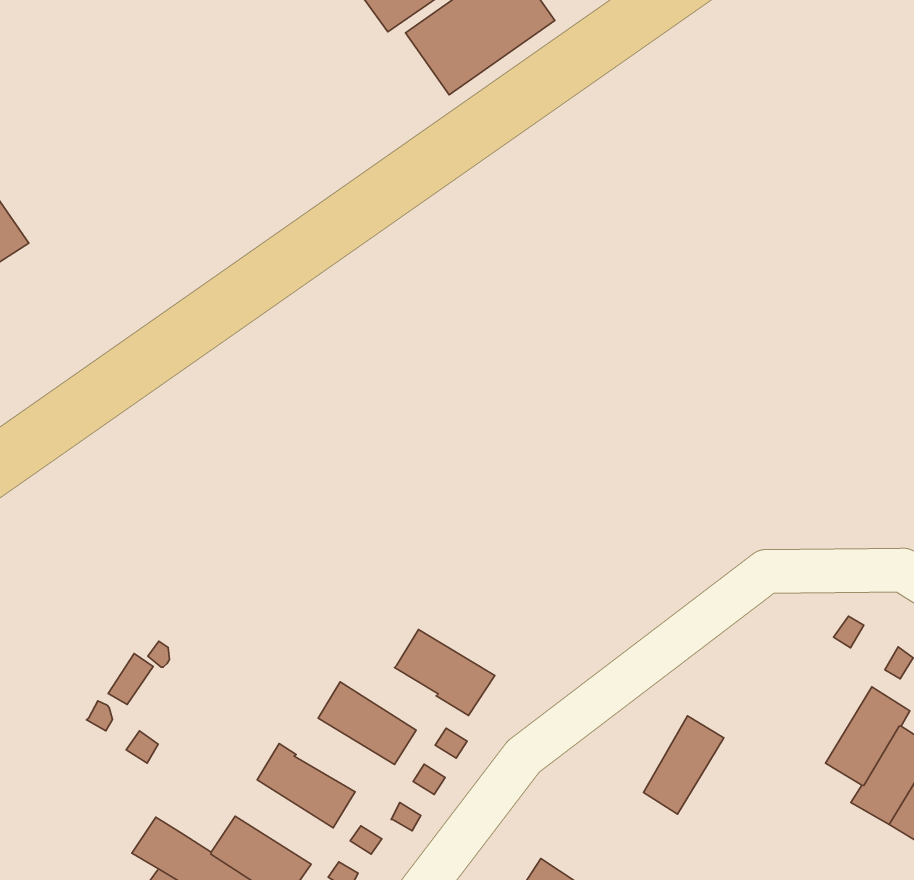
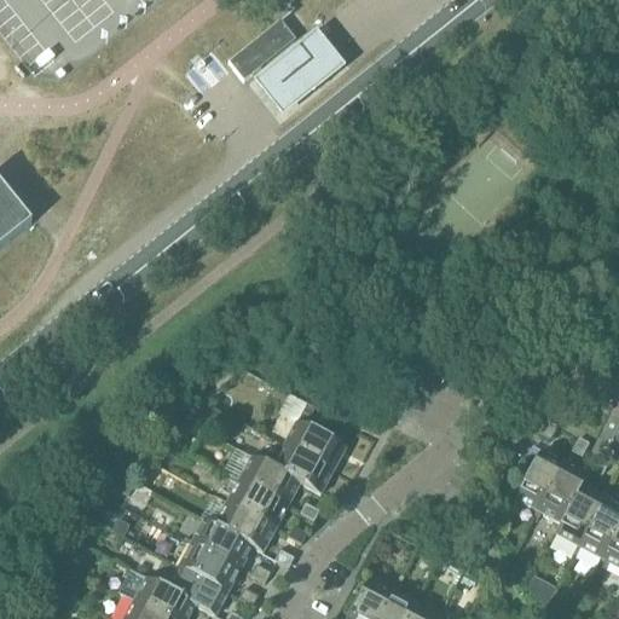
building: none -> [284,403,347,469]
building: none -> [238,456,299,505]
building: [643,716,724,814] -> [516,450,563,510]
building: none -> [213,502,274,553]
building: none -> [179,542,239,591]

